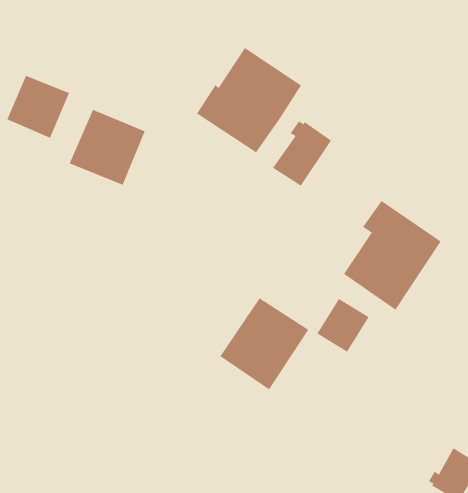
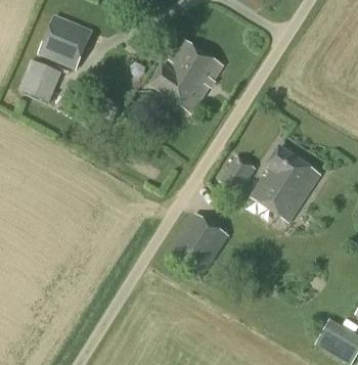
building: [69,109,145,186] -> [39,14,92,67]
building: [272,121,332,186] -> none
building: [317,298,369,353] -> [219,155,256,193]

